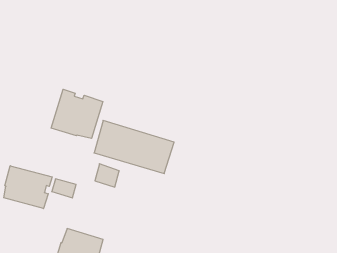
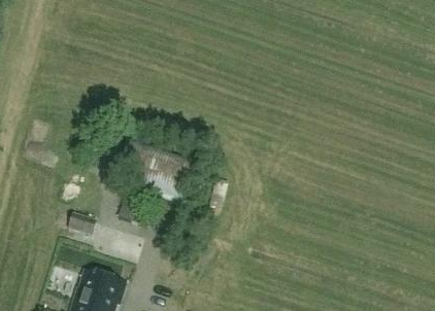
building: [51,89,103,138] -> none
building: [4,166,52,209] -> none

